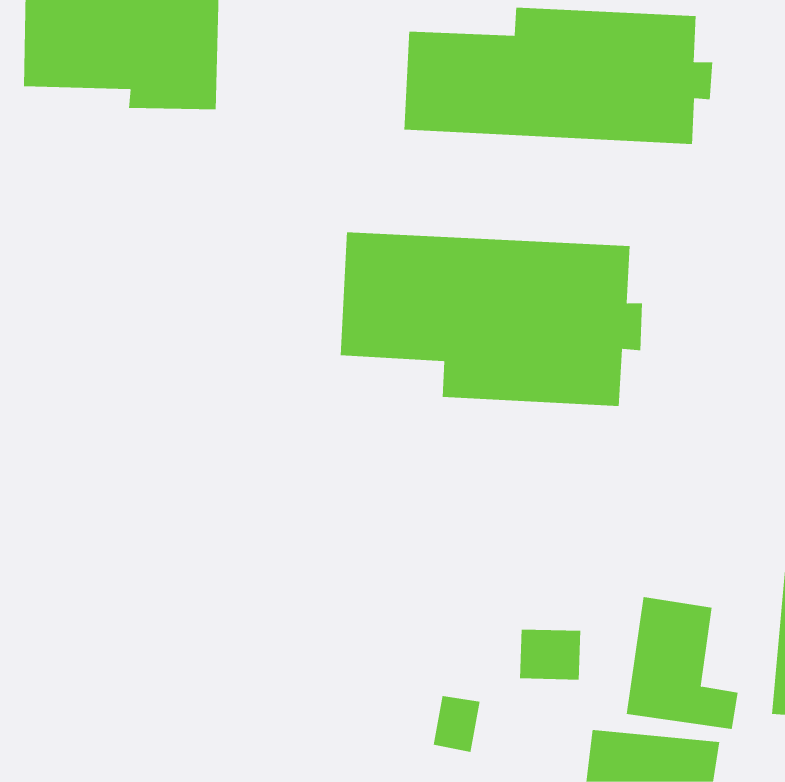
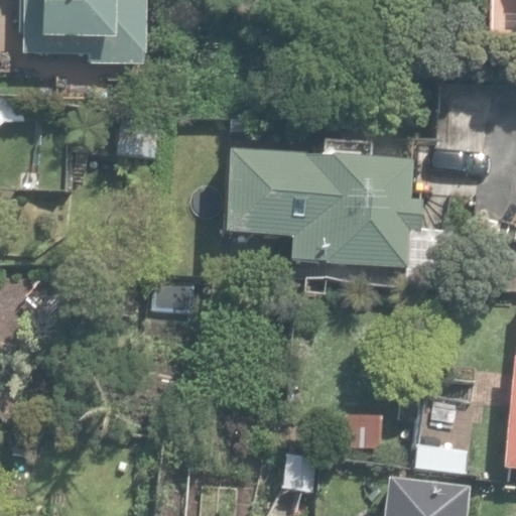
building: [404,7,713,145] -> none

